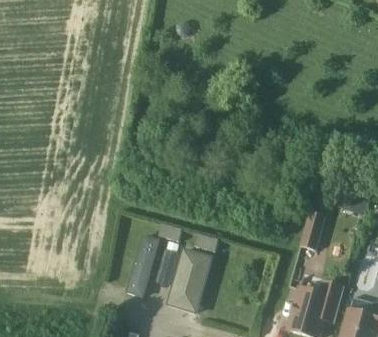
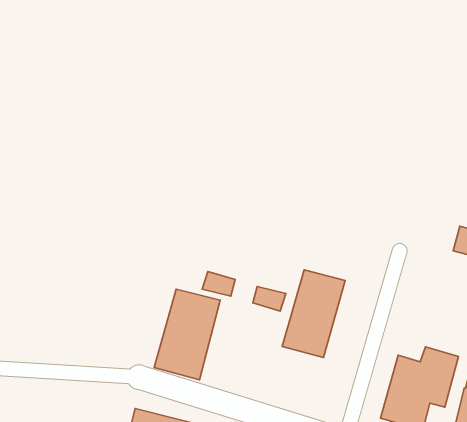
building: [301,208,327,247] -> none
building: [167,249,213,313] -> [282,270,345,357]

